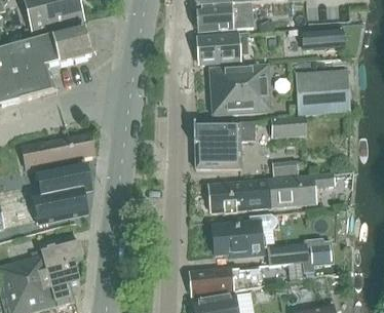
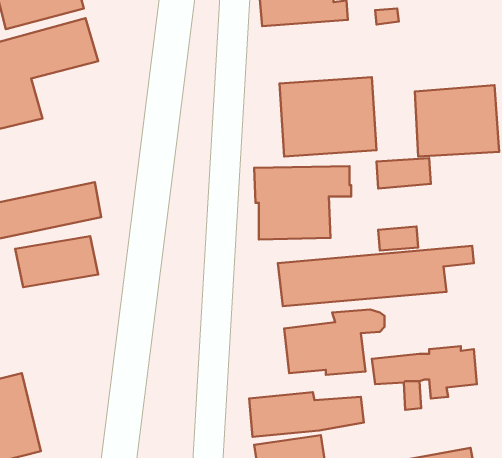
building: [302,28,343,49] -> none
building: [197,33,249,64] -> none
building: [35,192,88,225] -> none
building: [40,239,82,305] -> none

